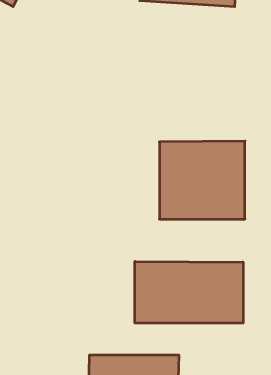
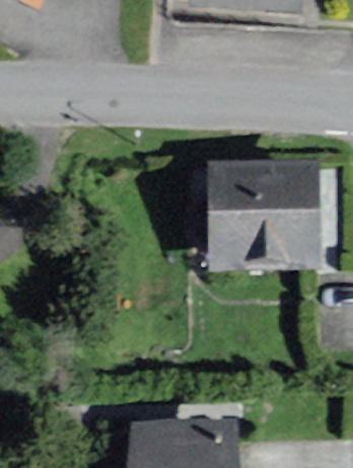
building: [135,261,243,323] -> none

